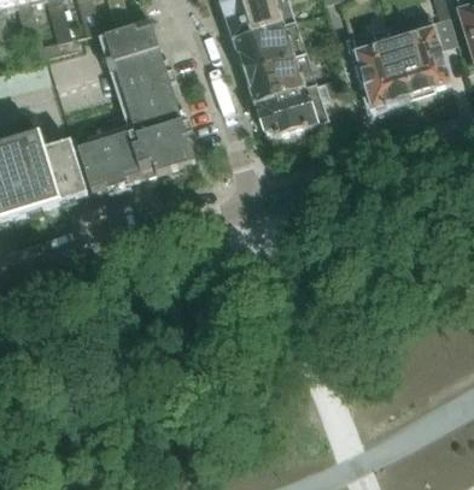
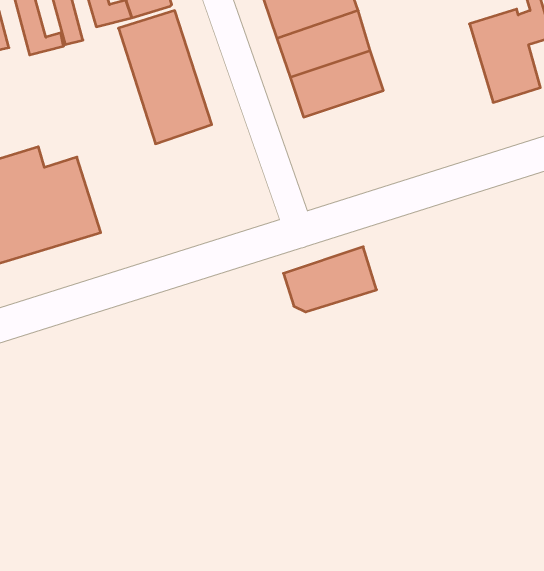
building: [349,29,408,106] -> none
building: [253,83,329,136] -> [283,247,377,312]
building: [76,111,194,190] -> none

